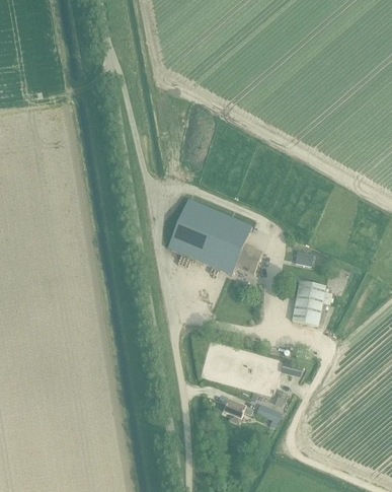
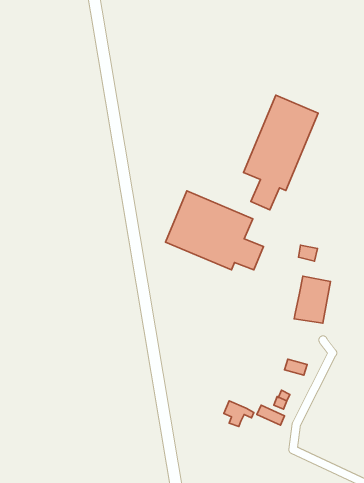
building: none -> [244,95,318,210]

